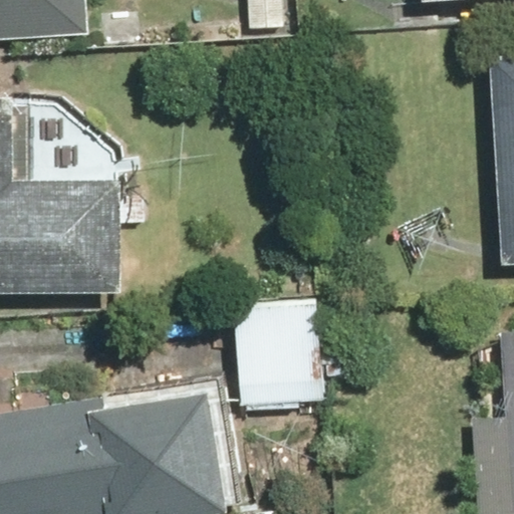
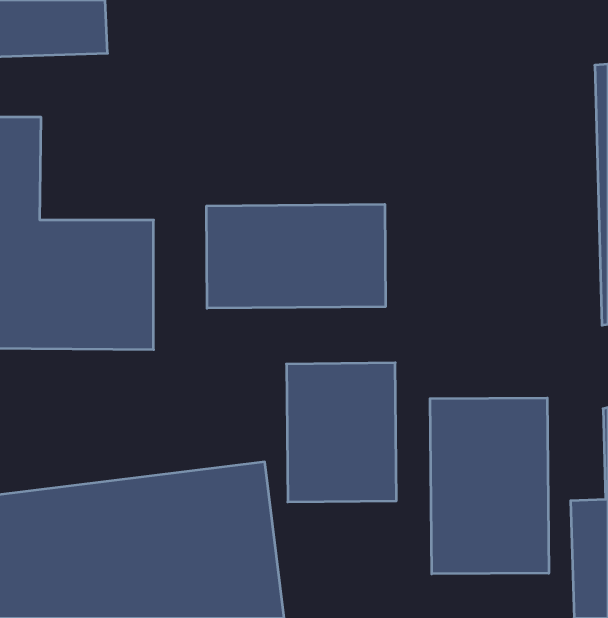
building: none -> [207,204,385,308]
building: none -> [430,398,549,574]

